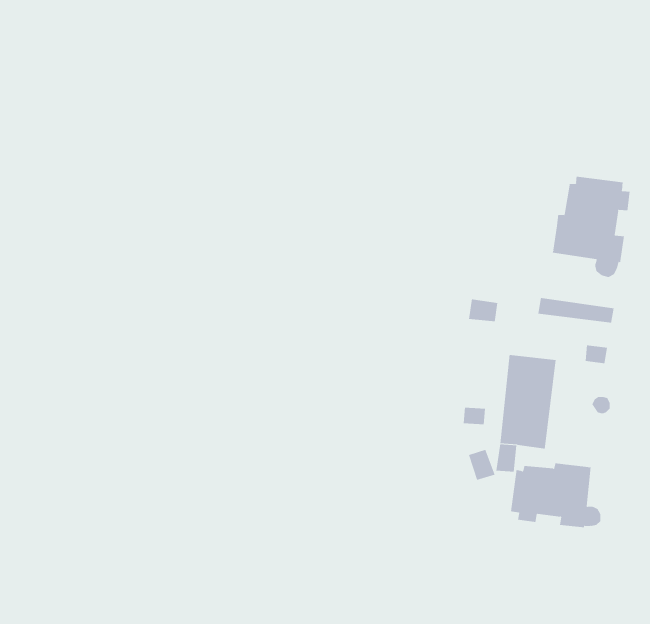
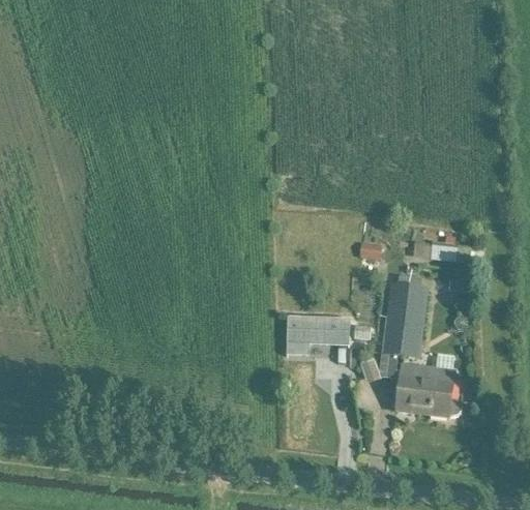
building: [552,176,630,278] -> none
building: none -> [287,316,350,356]

